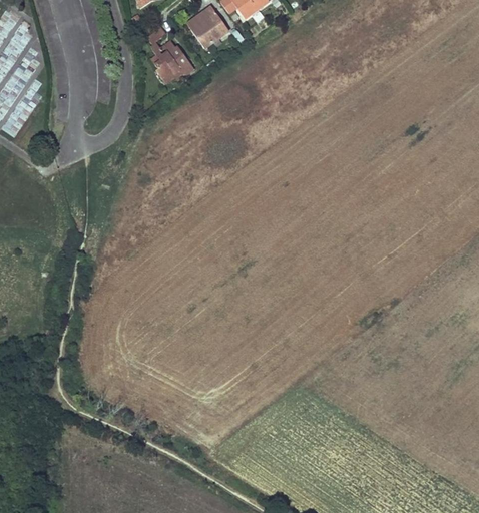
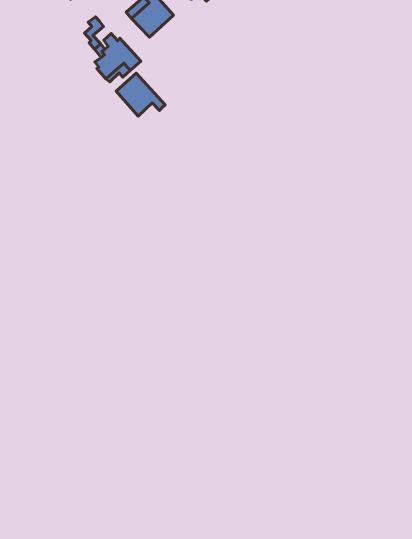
building: none -> [116,73,165,116]

